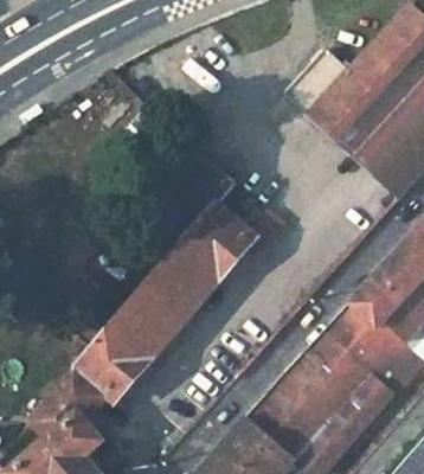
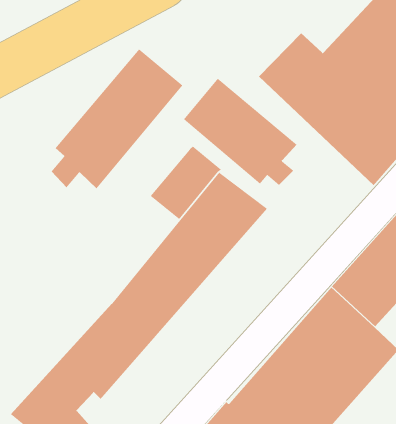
building: none -> [51,49,183,189]
building: none -> [183,78,298,186]

